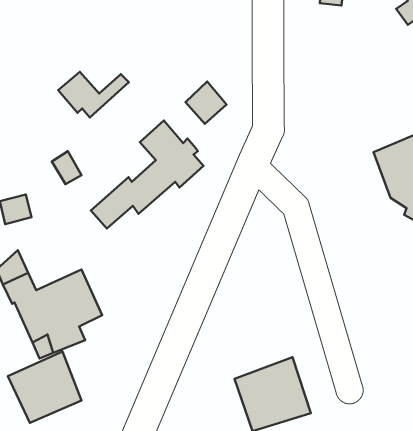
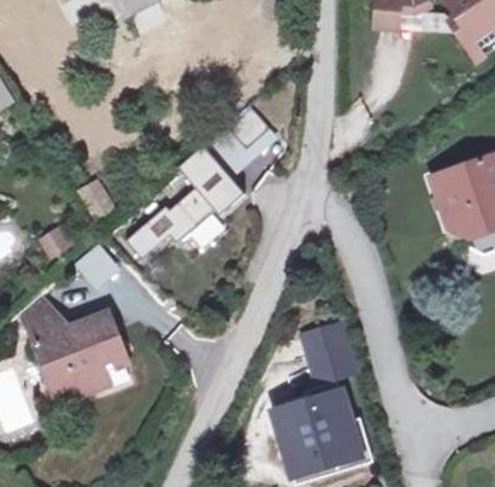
building: [58,72,129,117] -> [206,129,281,177]
building: none -> [305,331,356,389]
building: [8,352,82,423] -> none

